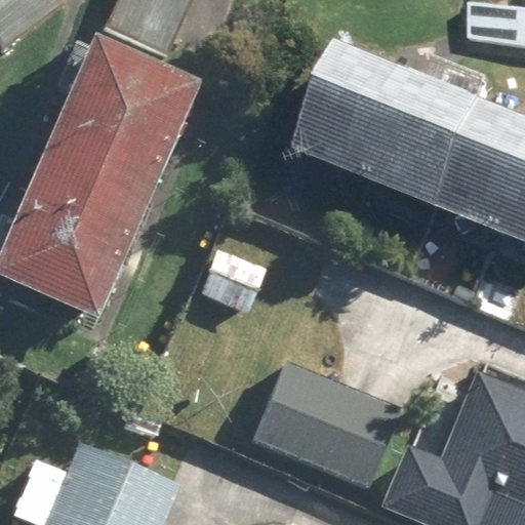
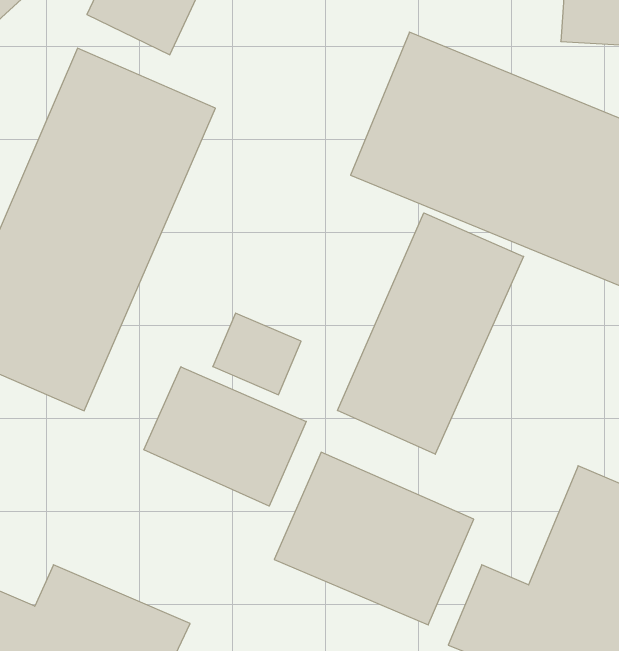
building: none -> [338,213,524,454]
building: none -> [144,367,306,506]

